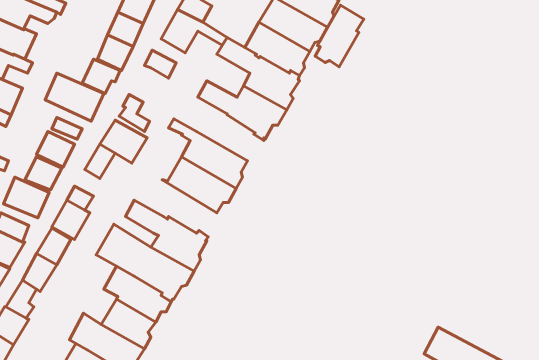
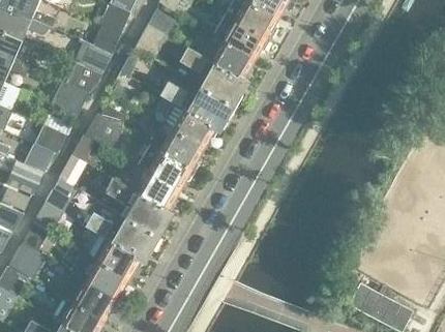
building: [315,5,364,67] -> none
building: none -> [162,107,217,147]
building: none -> [130,162,179,209]

